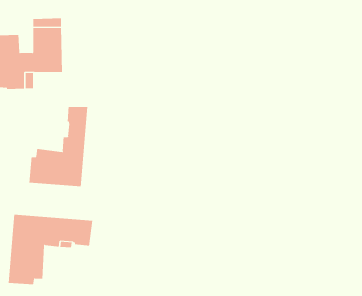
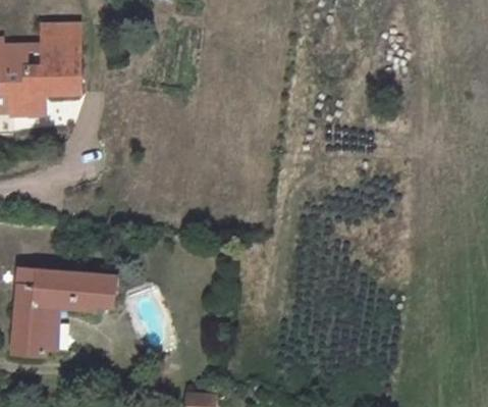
building: [29,106,88,187] -> none

